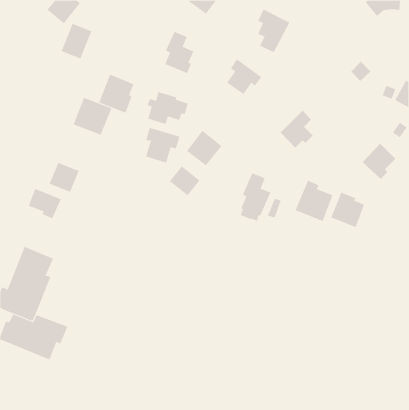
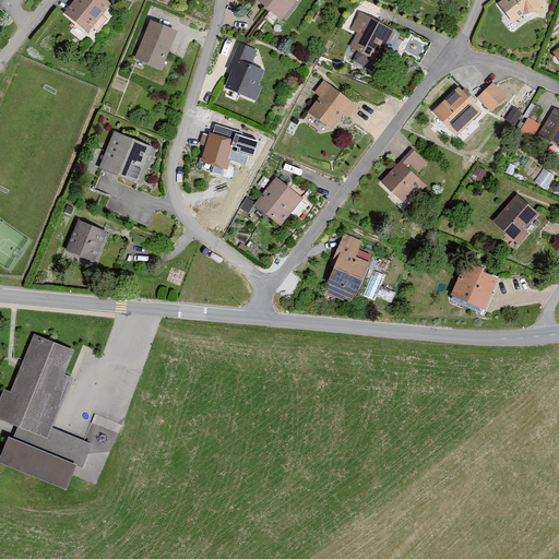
building: [61,23,92,59] -> [133,20,176,69]
building: none -> [430,86,480,136]
building: [99,74,134,114] -> none
building: [146,127,180,164] -> none
building: [169,166,200,196] -> none
building: [295,180,333,222] -> none
building: [28,188,61,219] -> none

